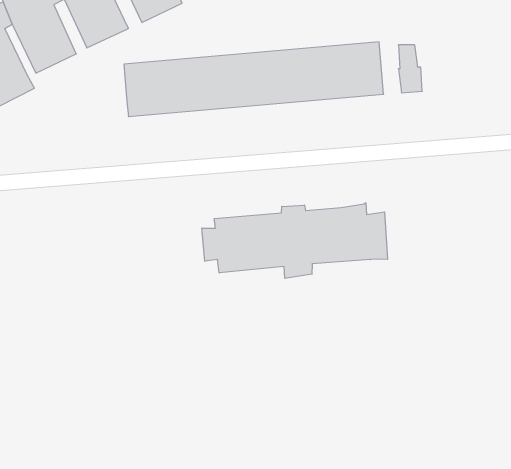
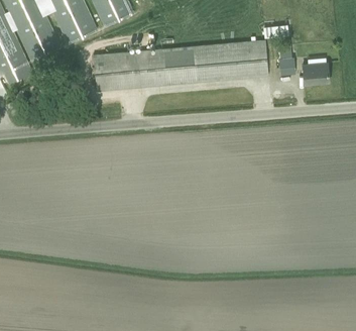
building: none -> [303,62,329,84]
building: [202,203,388,278] -> none

